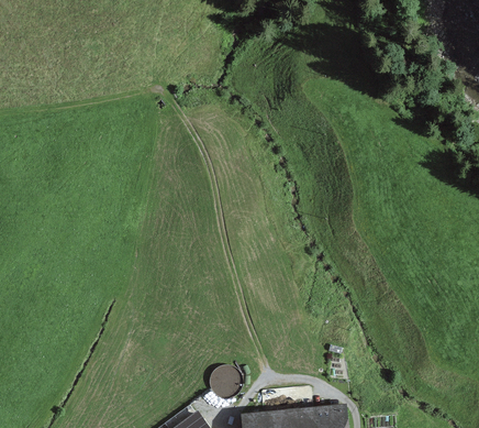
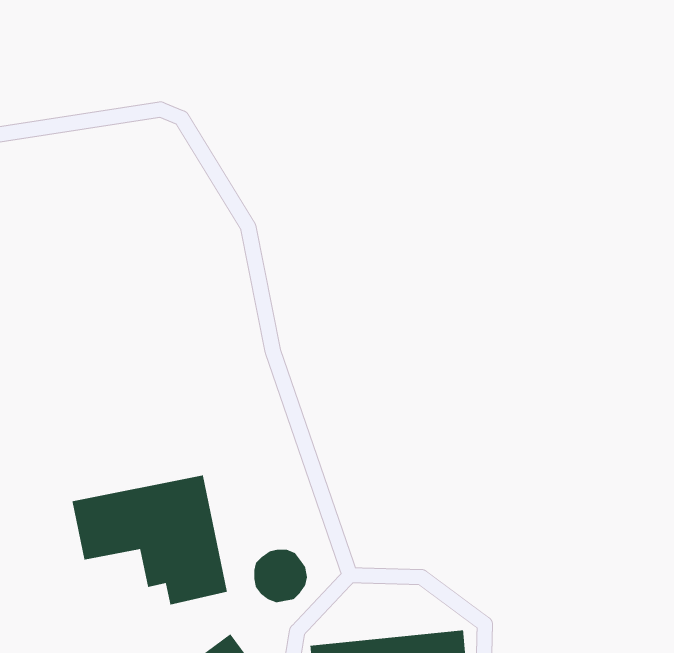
building: none -> [71,475,228,605]

